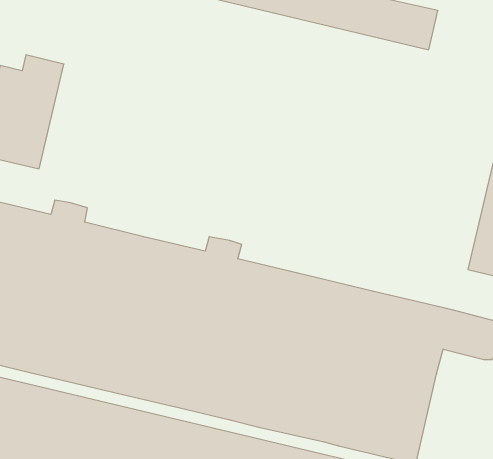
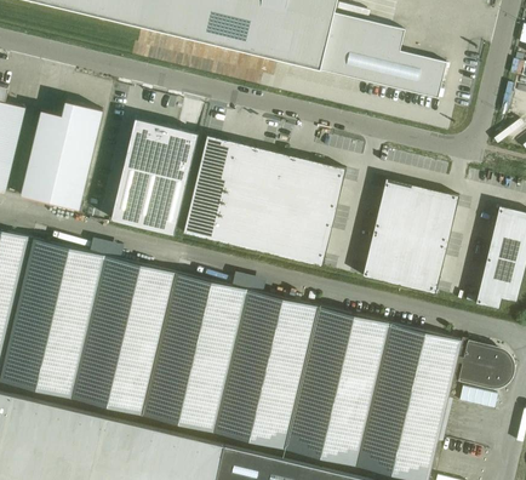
building: none -> [110,118,199,234]
building: none -> [182,136,347,268]
building: none -> [361,177,458,293]

